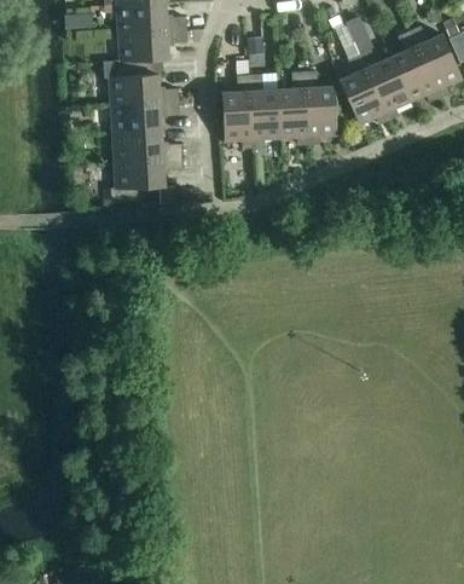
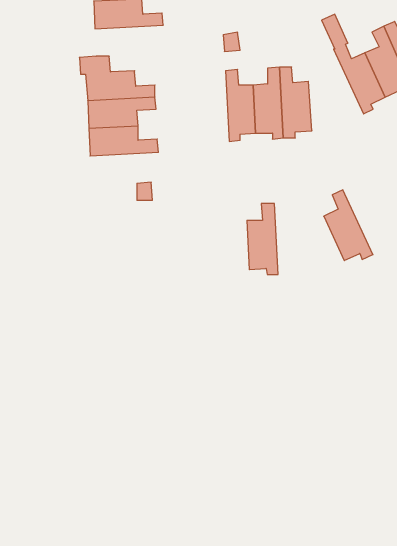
building: [118,28,187,75] -> none
building: [340,52,389,123] -> [324,190,373,261]
building: [222,74,254,145] -> [247,204,278,274]
building: [110,156,184,202] -> none

